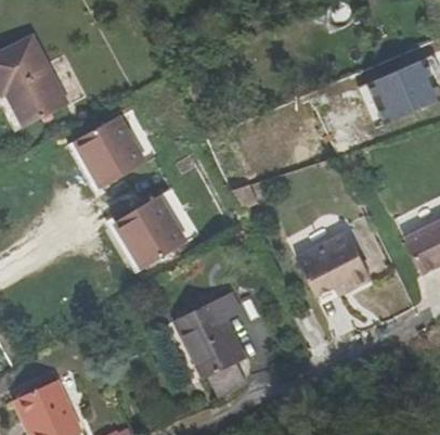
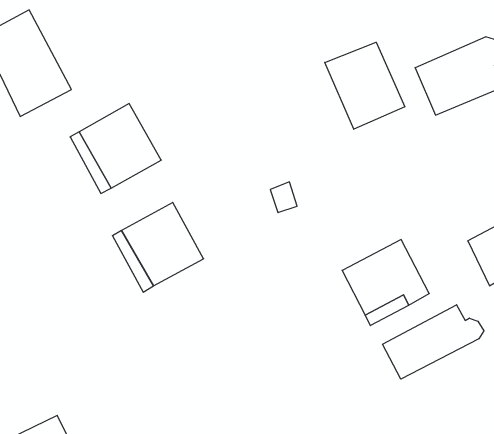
building: none -> [325,42,405,129]
building: none -> [383,305,484,379]
building: [179,304,248,383] -> none

